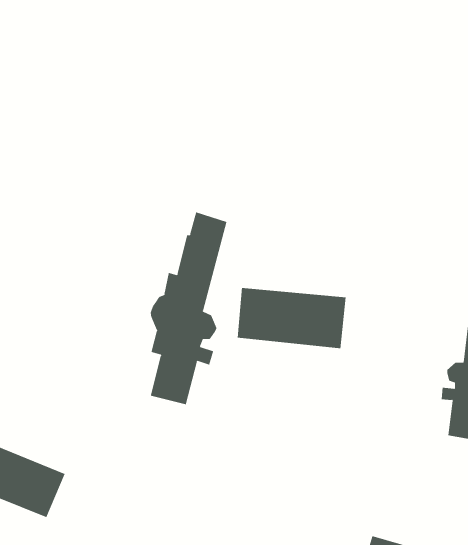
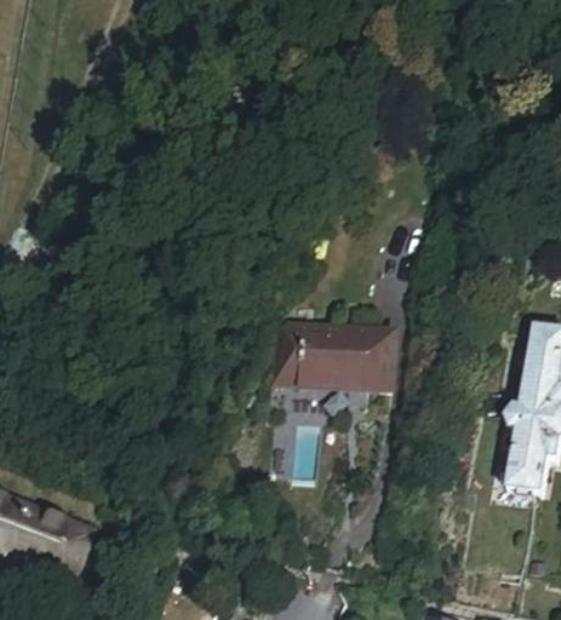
building: [150,212,227,405] -> none

